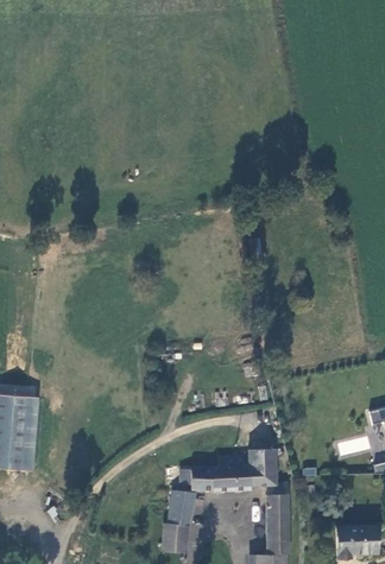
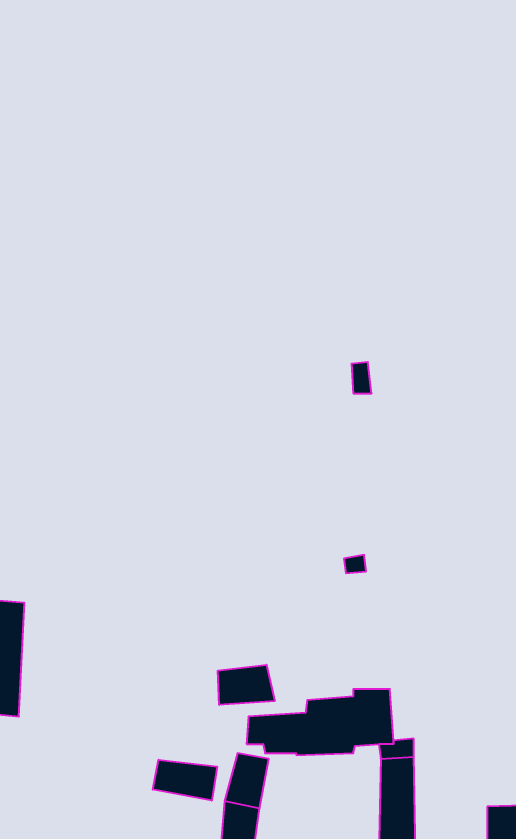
building: none -> [218,665,275,705]
building: none -> [153,760,217,801]

